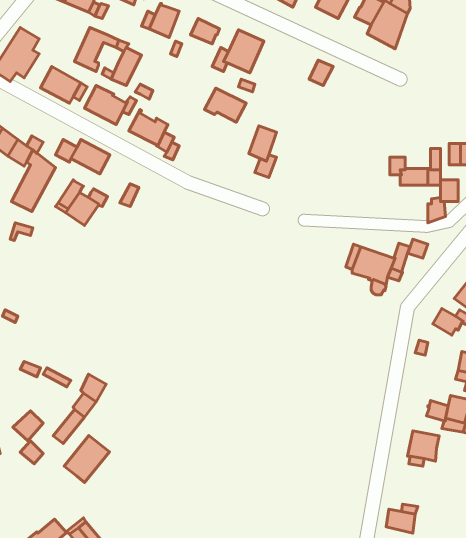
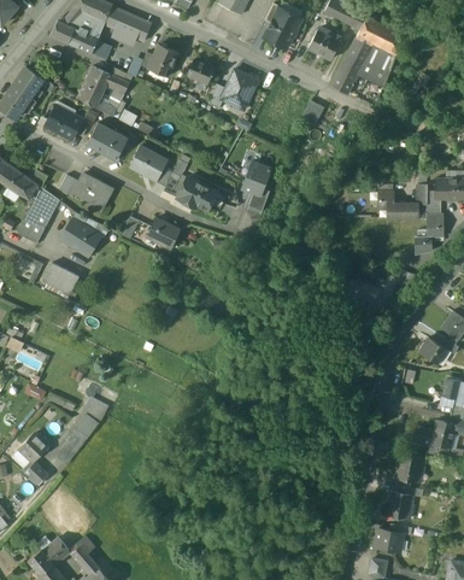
building: none -> [331,58,360,93]
building: [205,88,246,122] -> [177,177,217,210]
building: none -> [147,218,178,248]
building: none -> [43,264,78,294]
building: [64,435,109,482] -> none
building: none -> [388,491,415,520]

